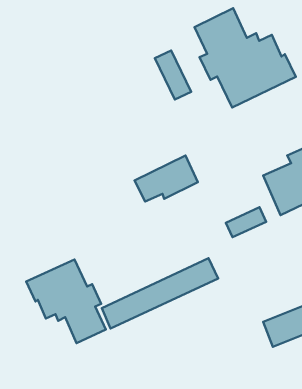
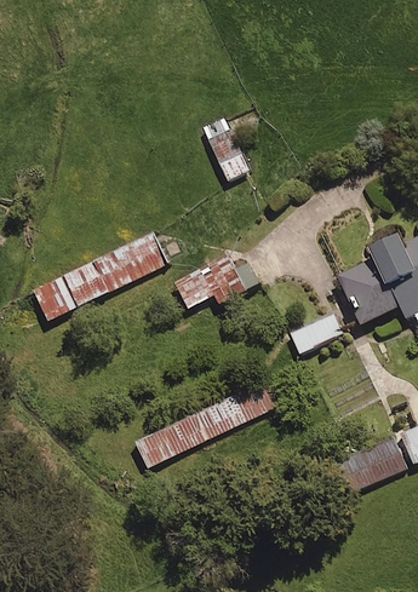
building: [195,8,296,108] -> none
building: none -> [33,232,166,320]
building: [26,260,106,343] -> none

